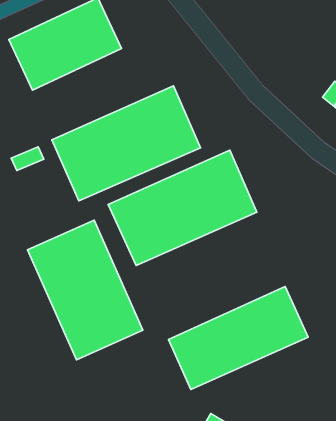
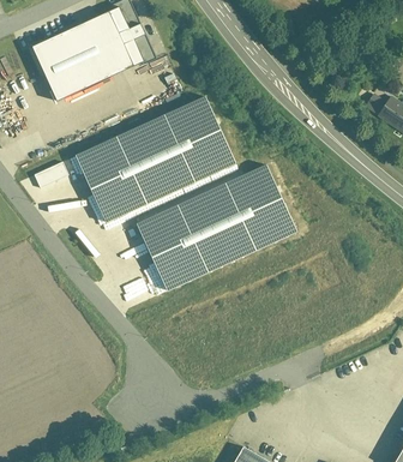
building: [28,220,143,360] -> none
building: [169,287,308,390] -> none

